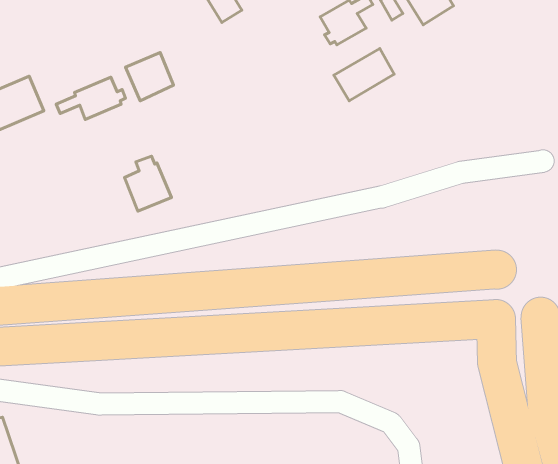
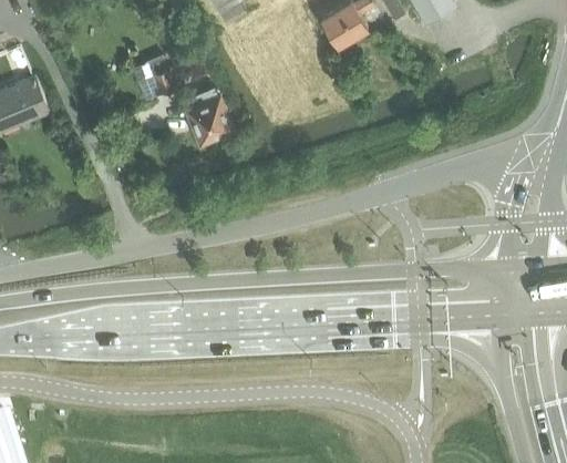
building: [334,49,394,101] -> none
building: [56,77,126,119] -> none
building: [125,156,172,211] -> [188,89,235,143]

